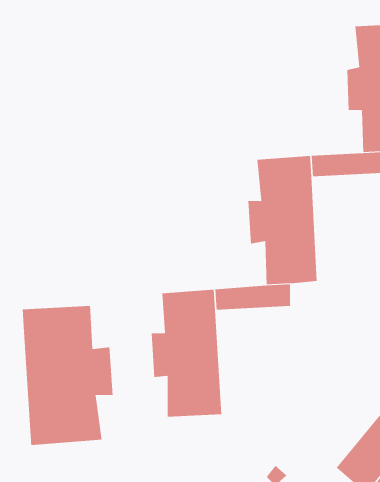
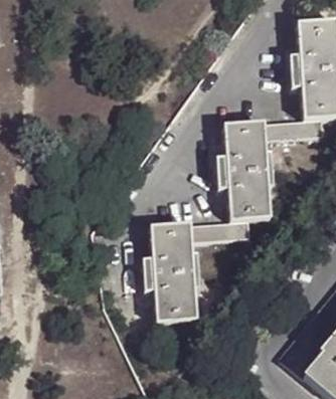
building: [22,305,113,446] -> none

